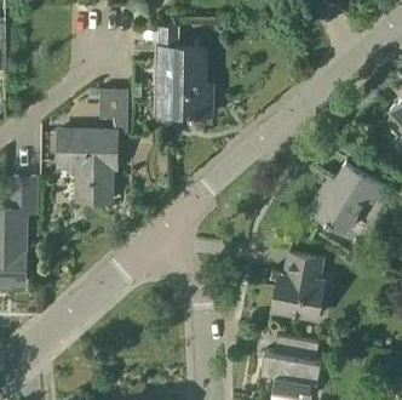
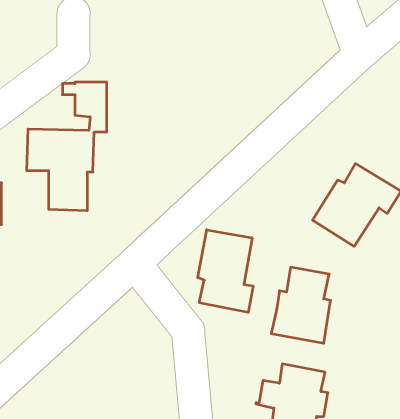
building: [136,27,212,118] -> none
building: none -> [198,230,253,312]

